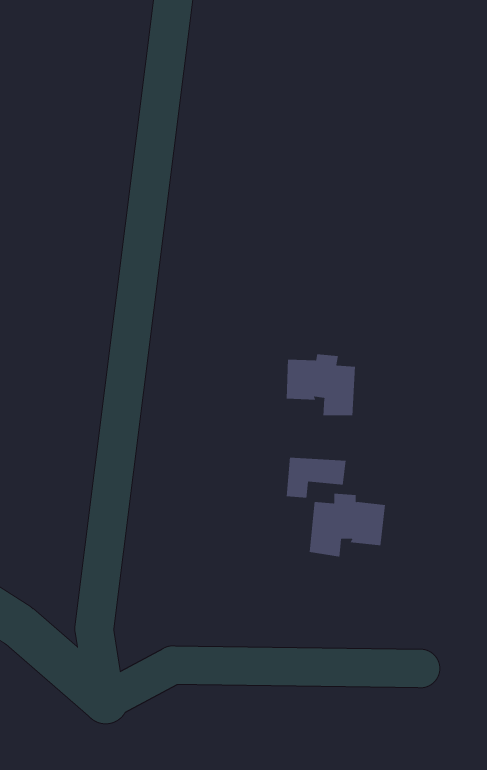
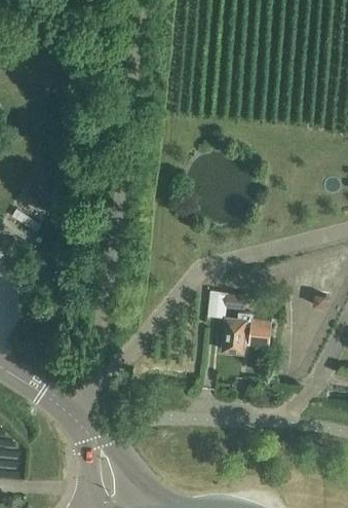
building: [286,354,356,416] -> none

